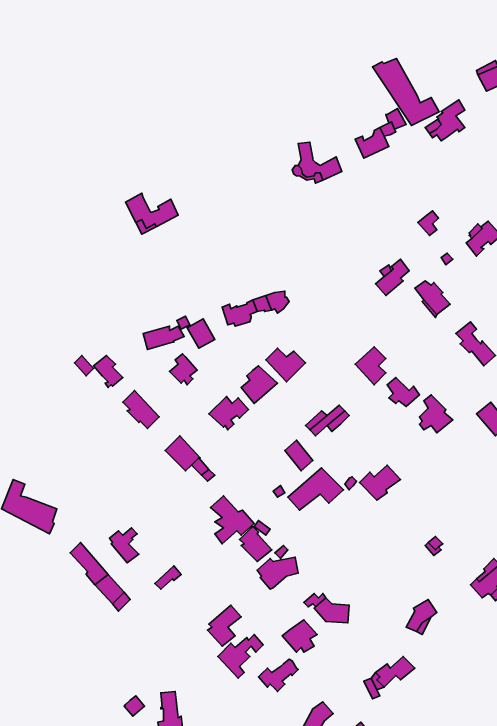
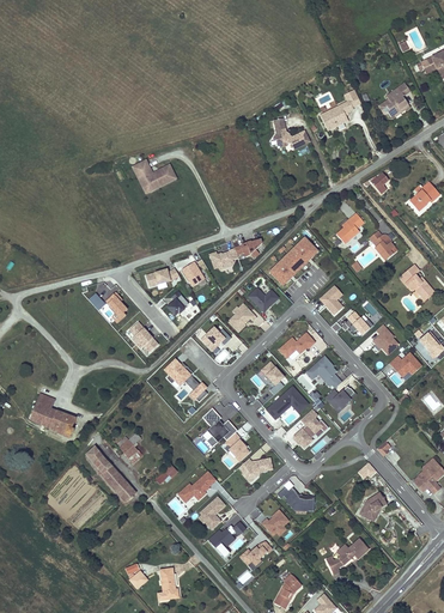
building: [372,58,439,125] -> none
building: none -> [270,237,320,286]
building: none -> [388,352,422,381]
building: none -> [304,354,341,388]
building: none -> [292,408,329,448]
building: none -> [177,471,218,503]

